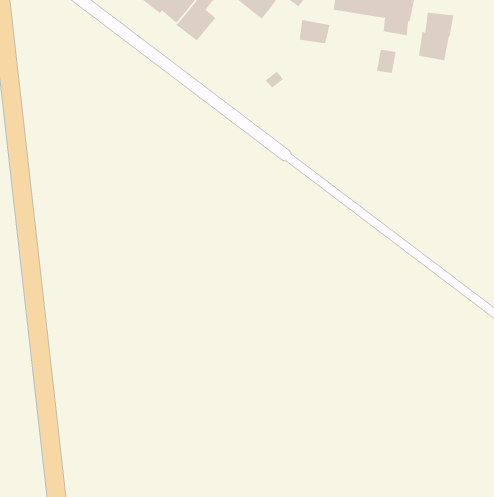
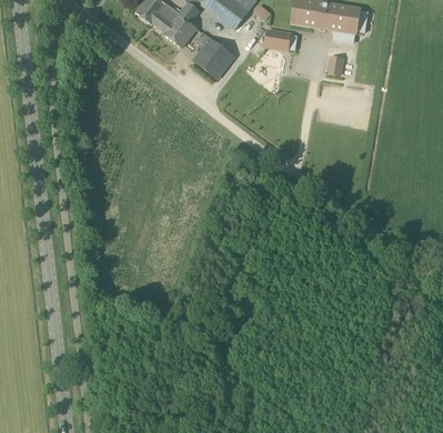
building: [418,12,454,61] -> none
building: none -> [194,31,233,77]

